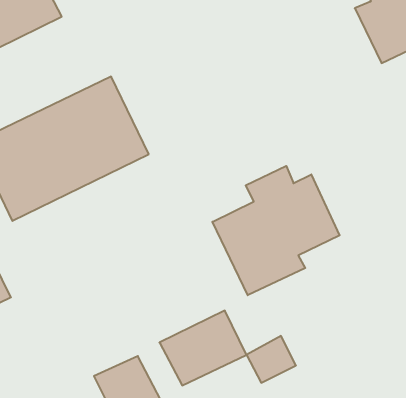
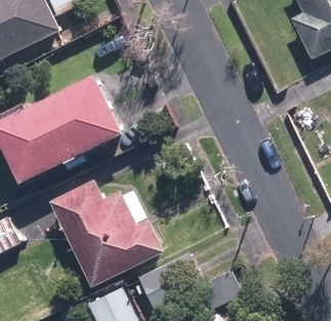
building: [212,166,340,295] -> none
building: none -> [53,177,168,284]

